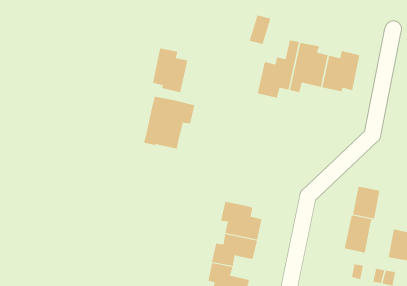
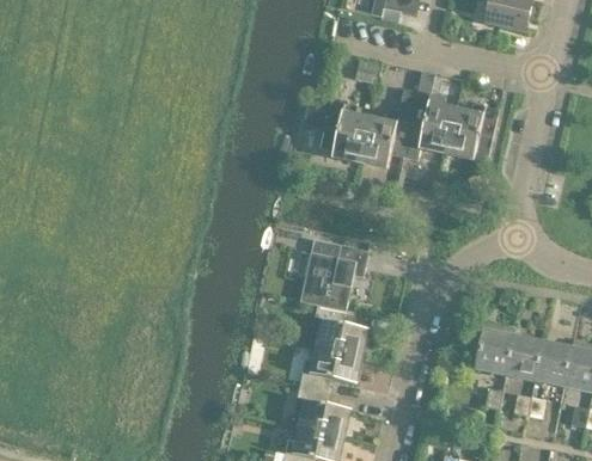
building: [152,48,188,93] -> [323,102,371,161]
building: [143,96,195,149] -> [301,240,371,311]
building: [352,186,380,219] -> [506,336,543,380]

